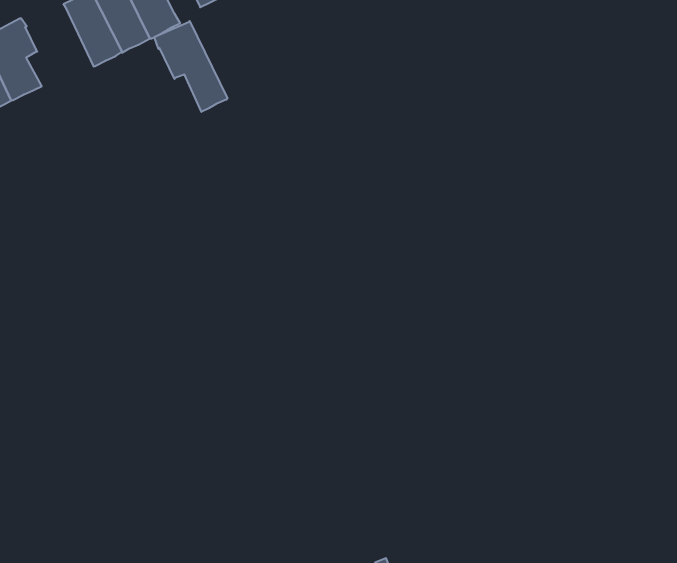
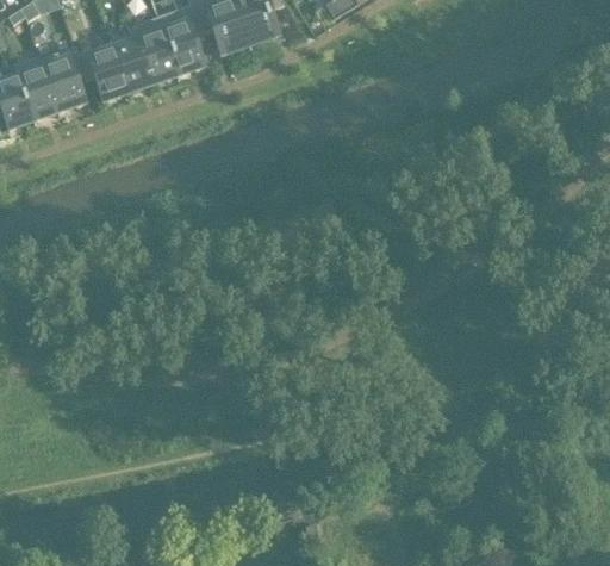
building: none -> [76,41,127,100]
building: [154,21,227,112] -> none

